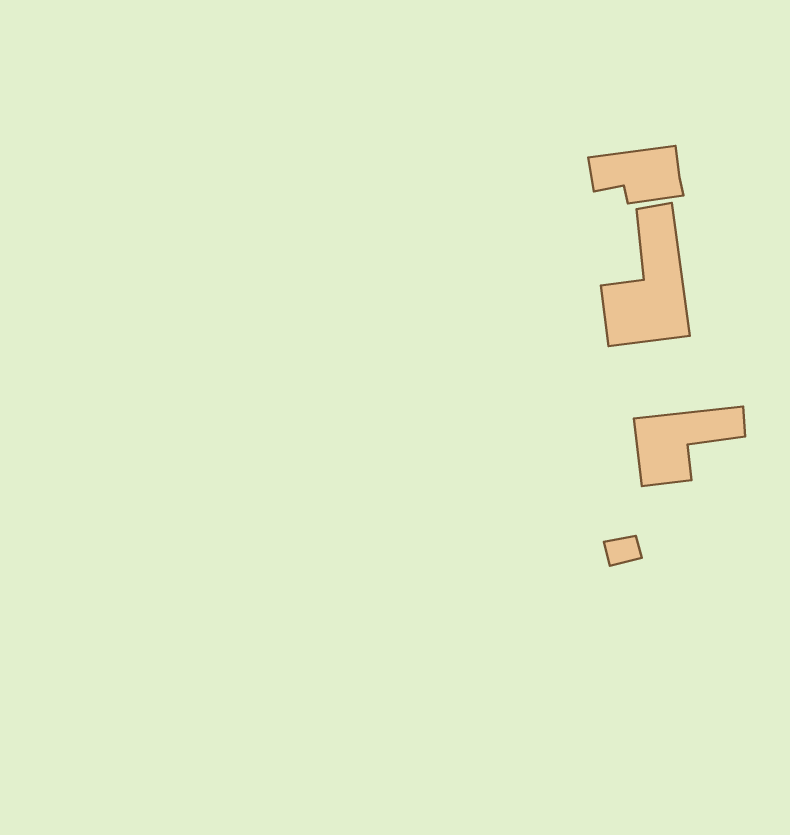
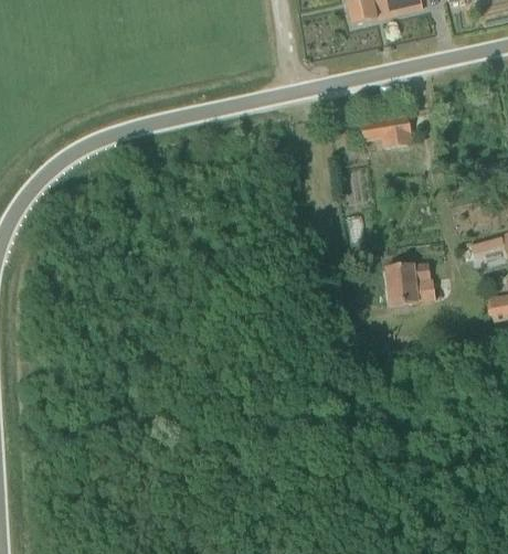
building: [601,203,690,346] -> none

